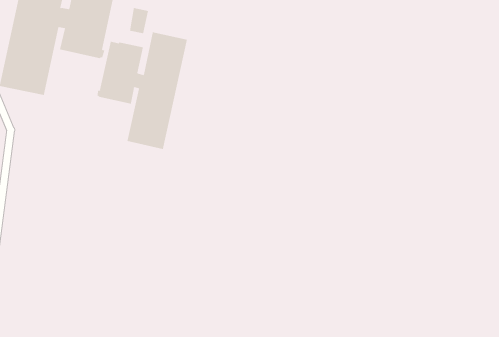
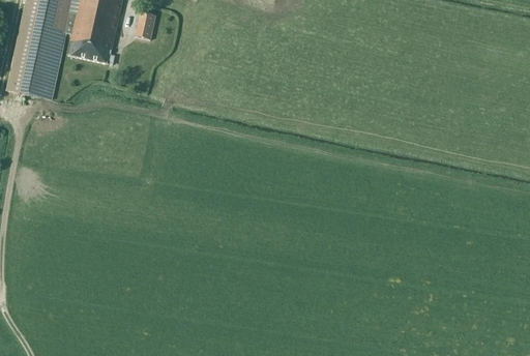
building: [97,31,187,150] -> none

